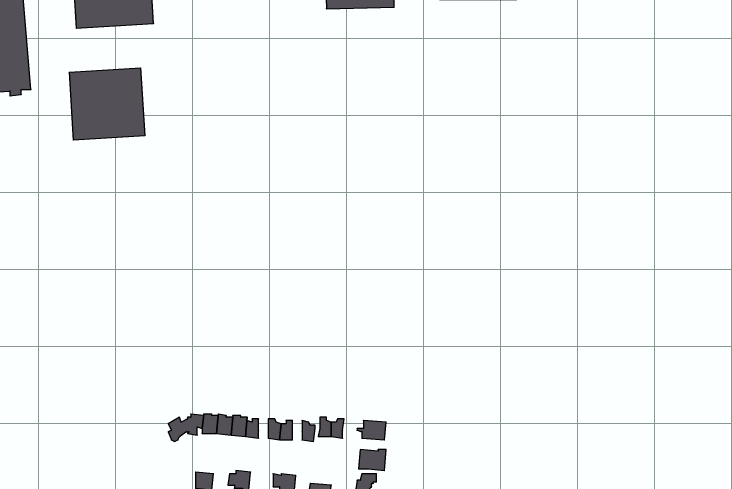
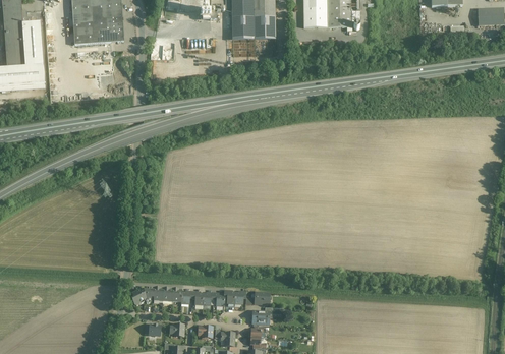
building: [69,68,145,140] -> none

